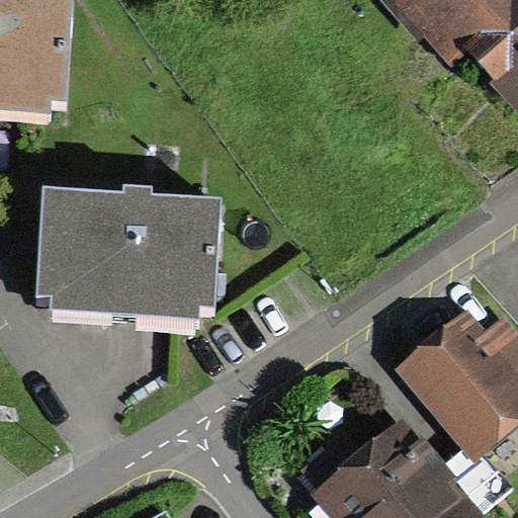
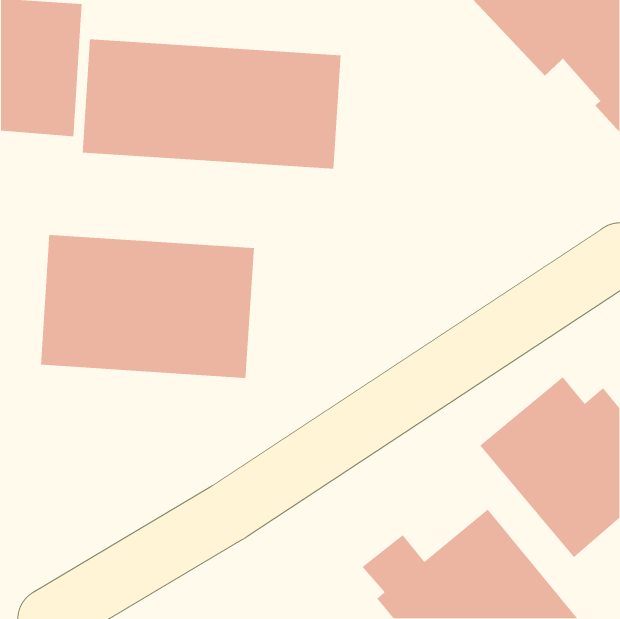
building: none -> [82,39,342,170]

